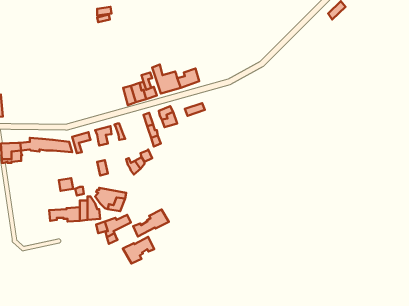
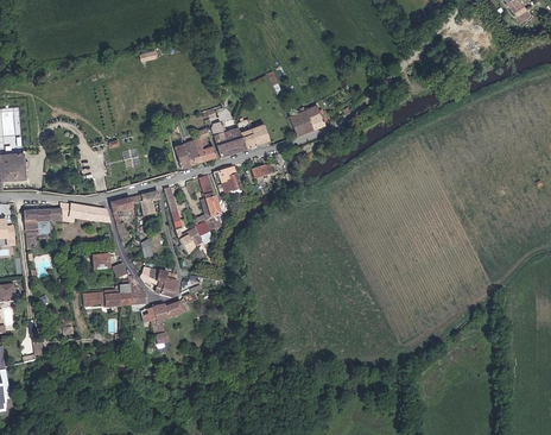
building: none -> [287,103,323,133]
building: [133,210,169,236] -> none
building: [123,237,154,264] -> none

